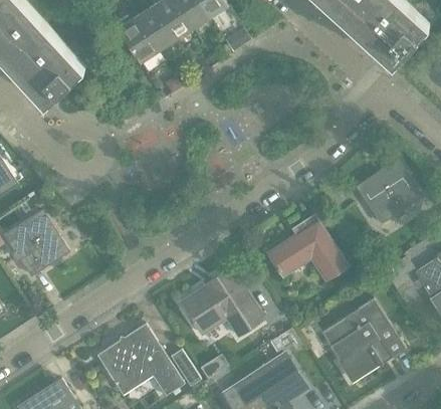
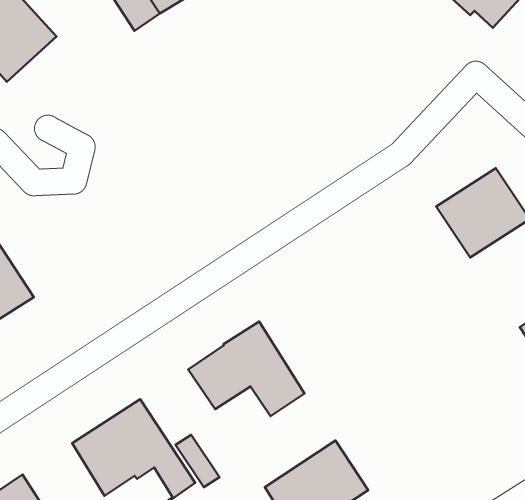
building: [265,216,347,282] -> none
building: [319,298,404,379] -> none

